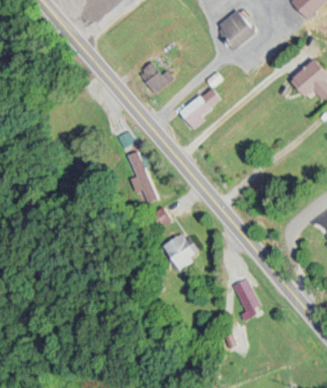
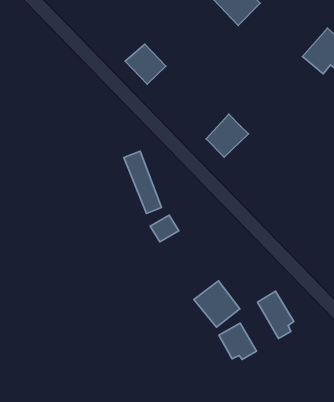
building: [176,93,213,130] -> [206,114,248,157]
building: [159,231,197,270] -> [194,281,240,327]
building: none -> [219,323,256,359]

